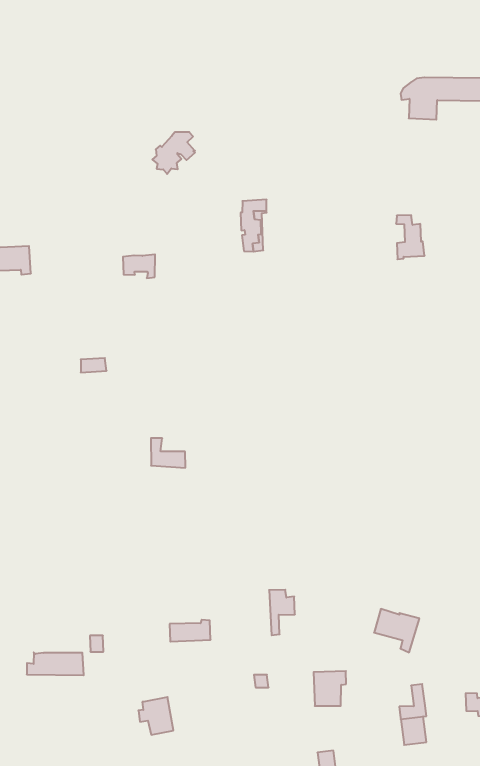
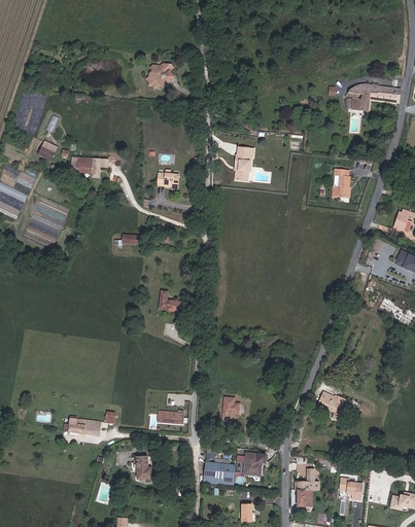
building: [152,132,195,174] -> [145,63,173,89]
building: [374,609,419,652] -> [316,390,346,420]
building: none -> [203,462,235,485]

